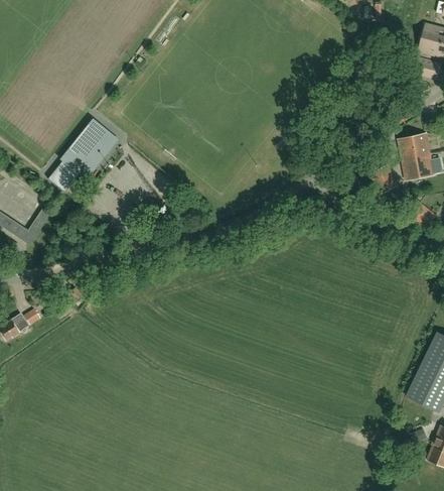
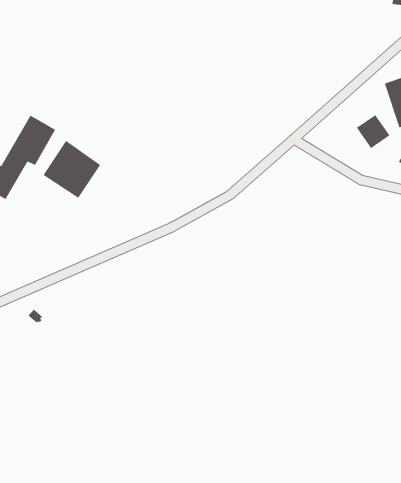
building: none -> [42,140,101,199]

